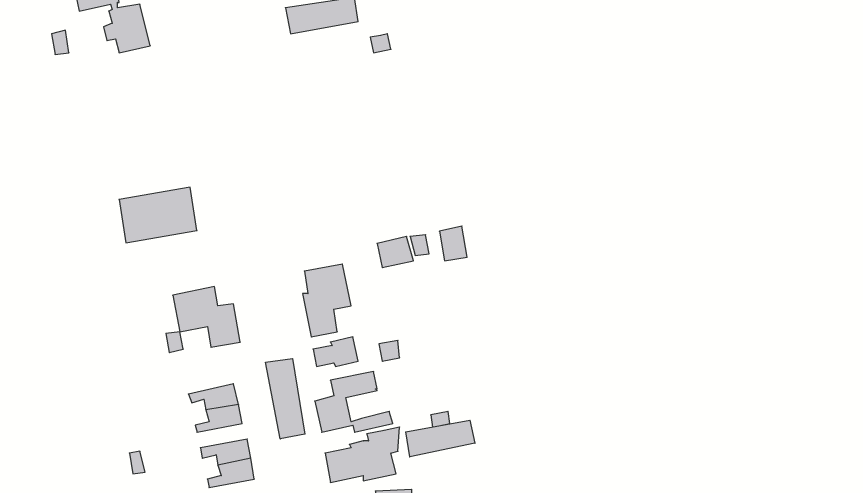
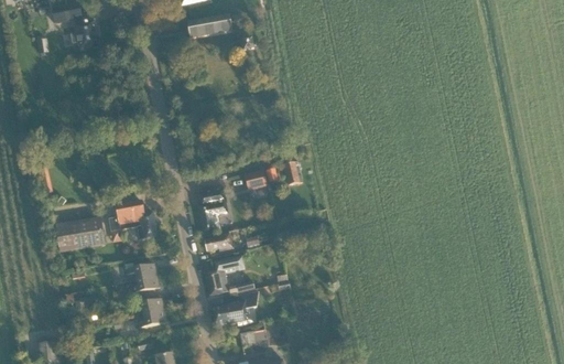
building: [119,187,197,243] -> [56,216,106,251]
building: [266,359,305,439] -> none
building: [406,420,475,457] -> none

